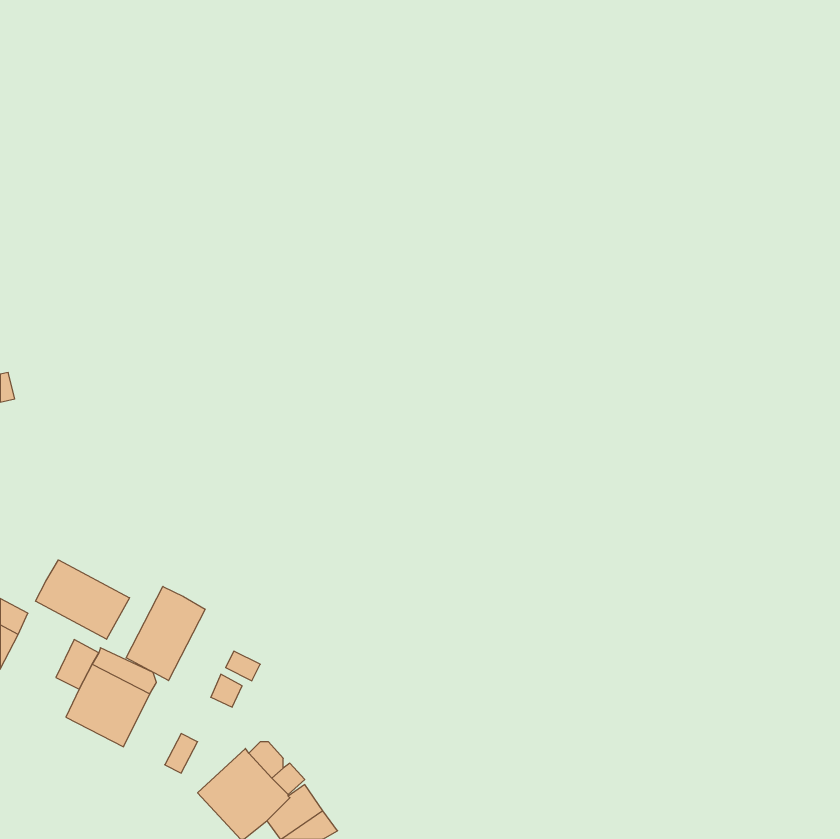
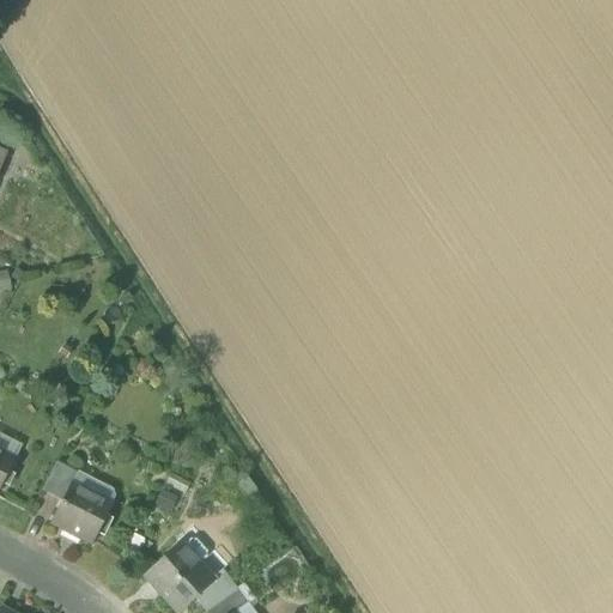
building: [36,560,130,639] -> none
building: [126,586,205,681] -> none

